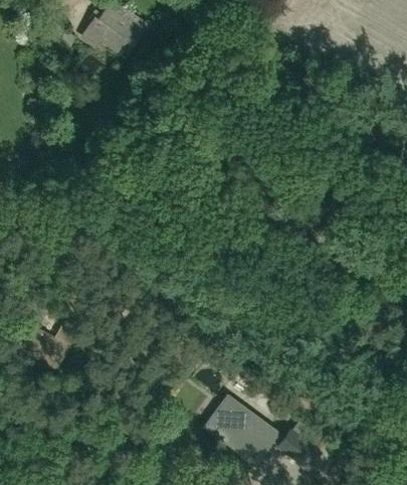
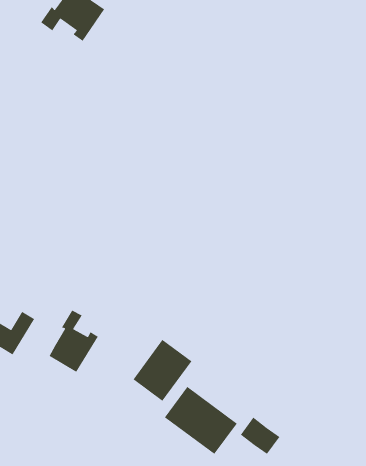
building: none -> [49,310,99,373]
building: none -> [132,339,192,402]

